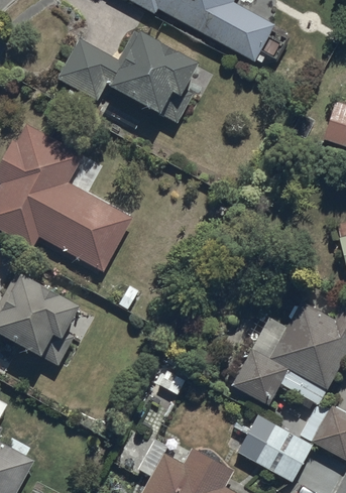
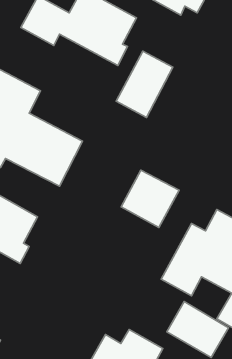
building: none -> [116,51,173,118]
building: none -> [121,170,179,227]

